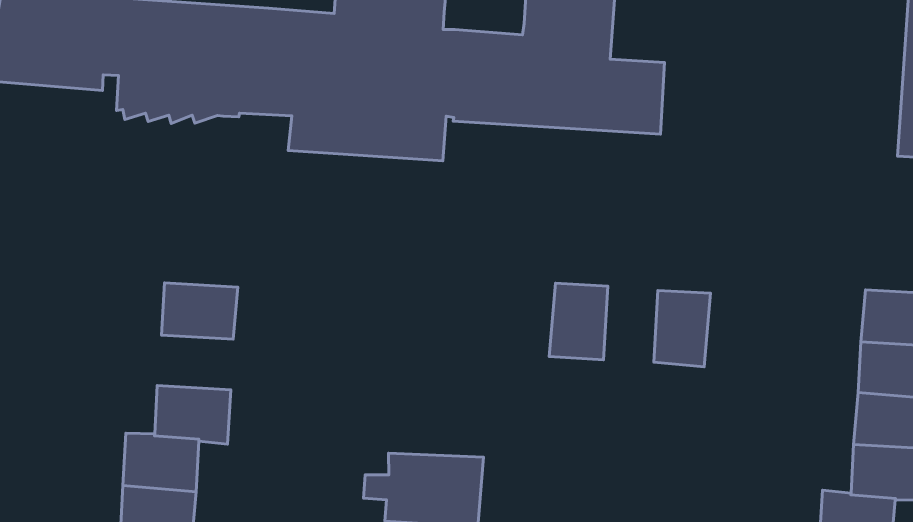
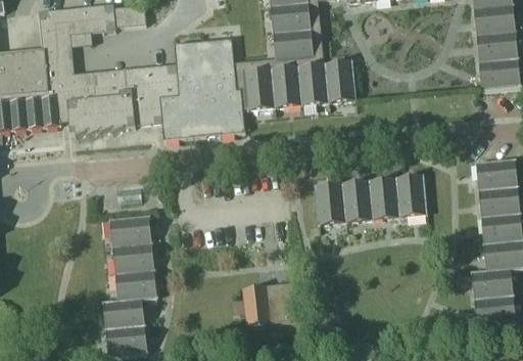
building: none -> [342,181,373,222]
building: none -> [396,176,427,217]
building: none -> [113,243,154,274]

